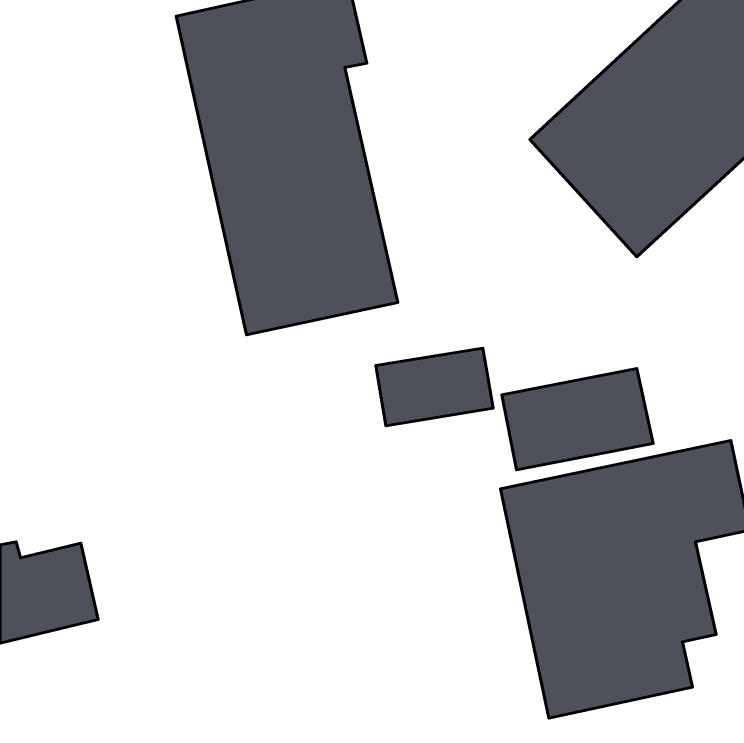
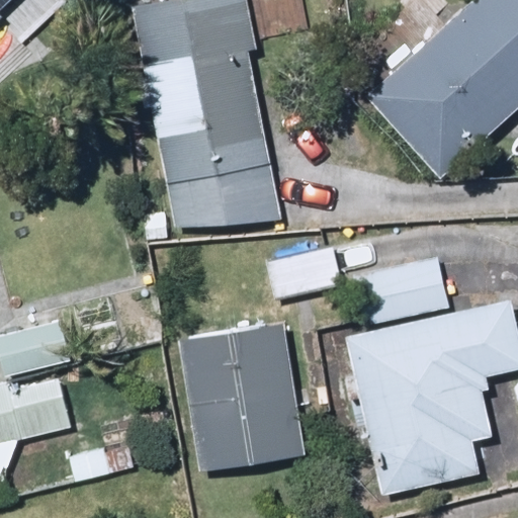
building: none -> [176,322,310,474]

